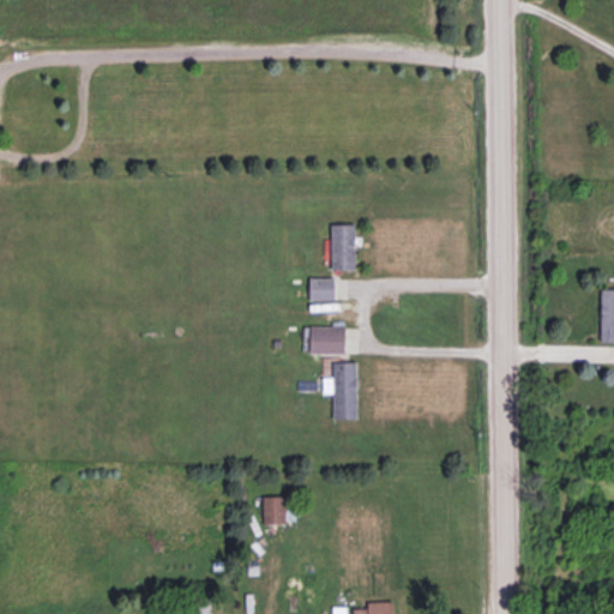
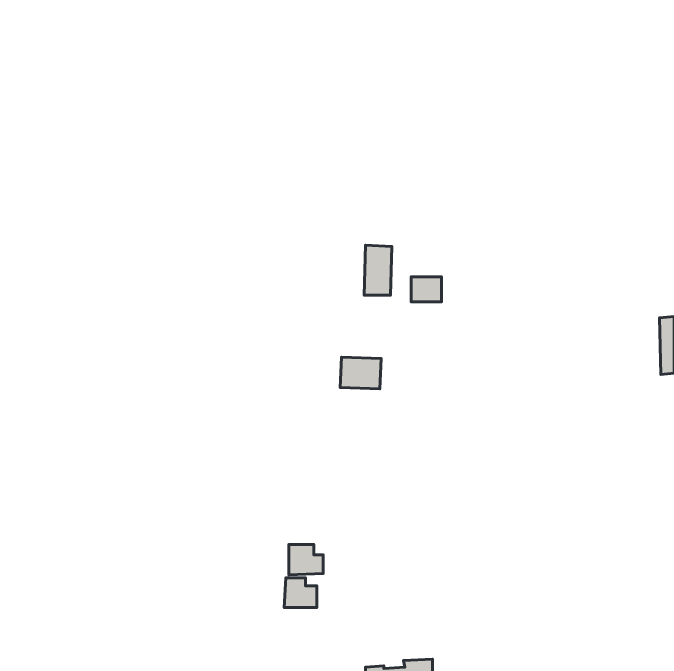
building: [308,279,336,302] -> [411,277,441,302]
building: [323,363,357,421] -> none
building: none -> [284,578,317,608]

